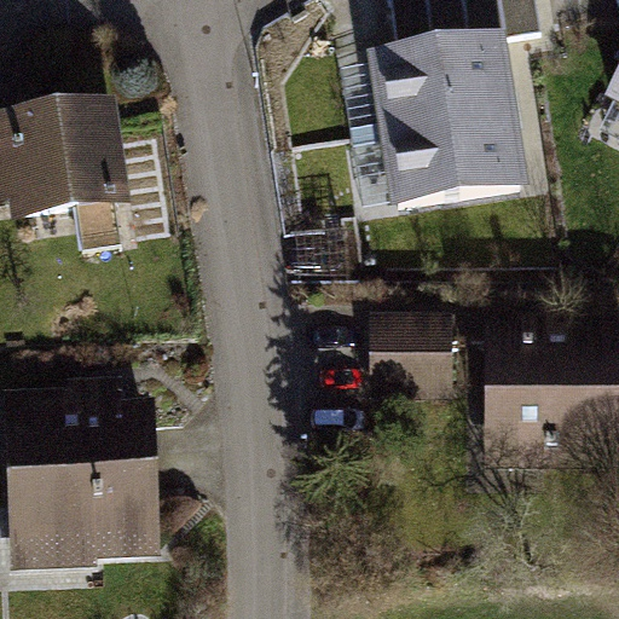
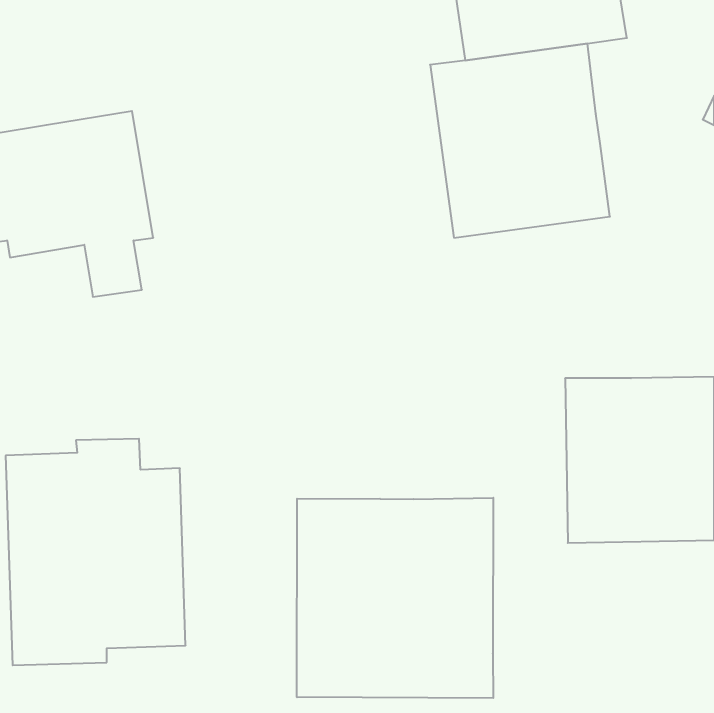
building: [372,312,453,404] -> none
building: none -> [297,498,493,698]

